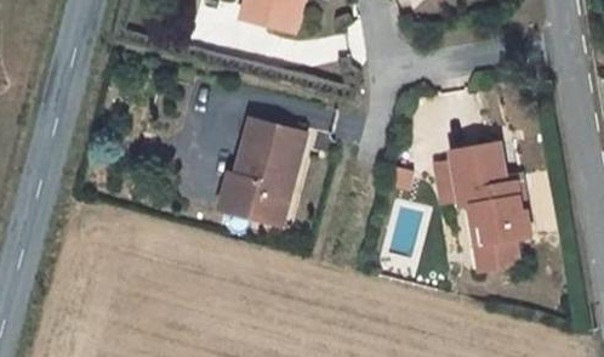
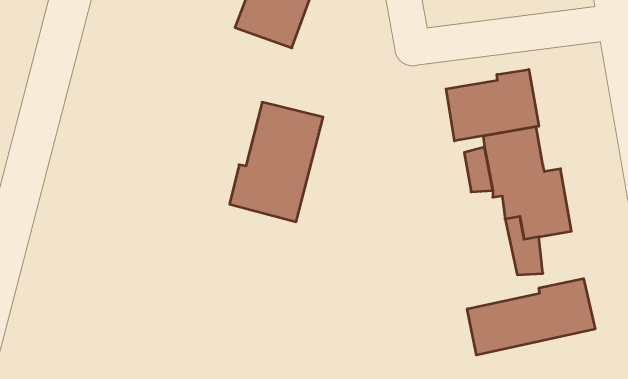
building: none -> [446,69,539,141]
building: none -> [467,279,595,355]

